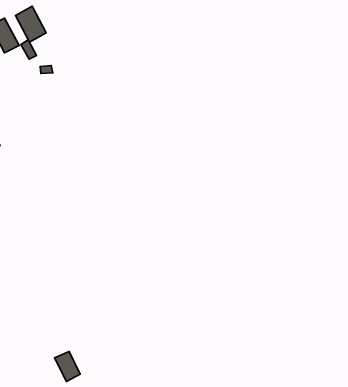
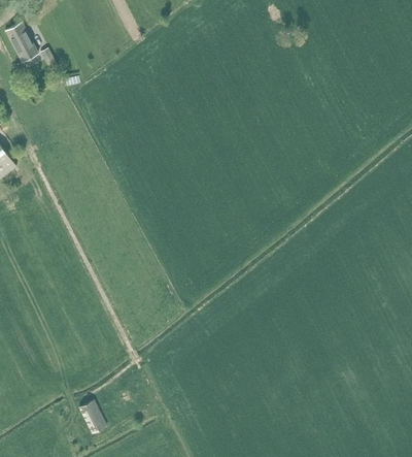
building: [15,6,46,42] -> none

